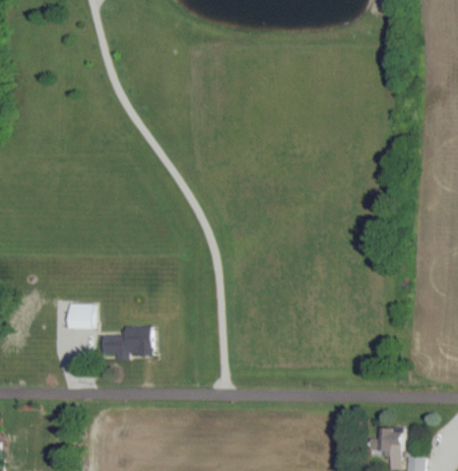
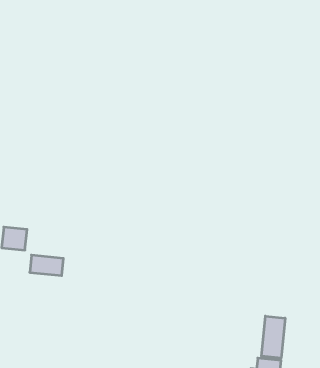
building: none -> [261,316,285,358]

